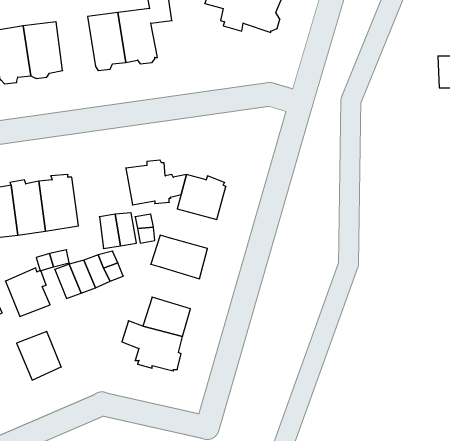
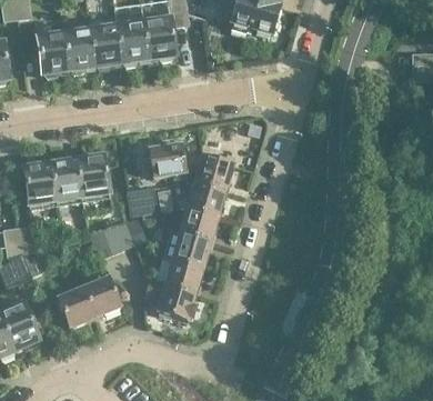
building: none -> [90,20,123,69]
building: none -> [185,182,225,215]
building: none -> [168,229,211,267]
building: [5,268,50,317] -> [82,274,120,315]

